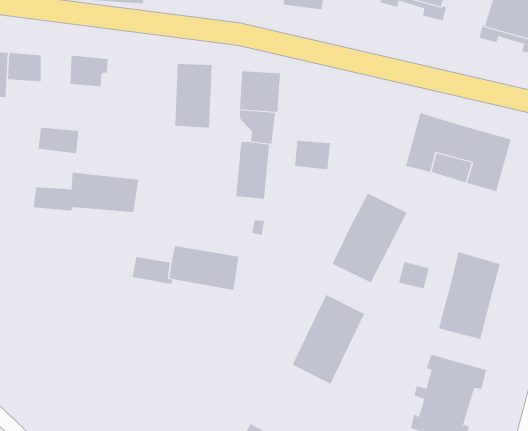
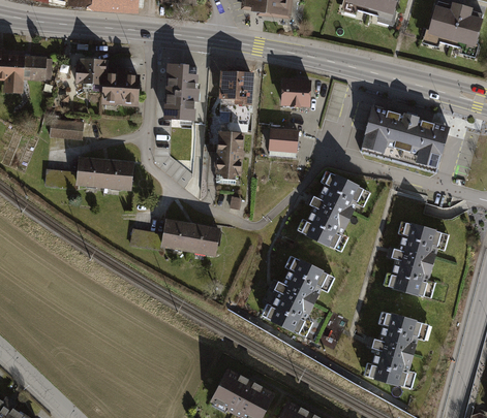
building: none -> [101,66,139,106]
building: none -> [279,78,309,108]
building: [399,261,429,289] -> none

